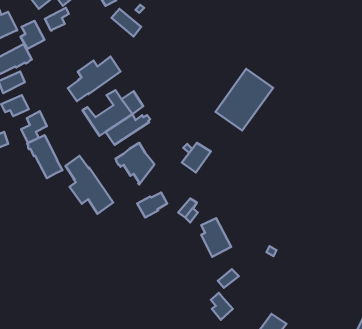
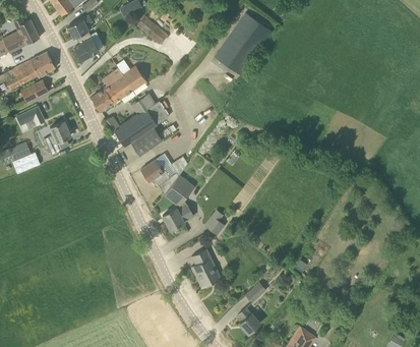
building: [21,21,44,49] -> [74,32,99,60]
building: [215,69,273,131] -> [214,13,273,76]
building: [27,135,62,178] -> none
building: [182,143,211,172] -> [165,176,194,207]
building: [66,156,113,214] -> none
building: [201,218,231,257] -> [191,249,222,289]

